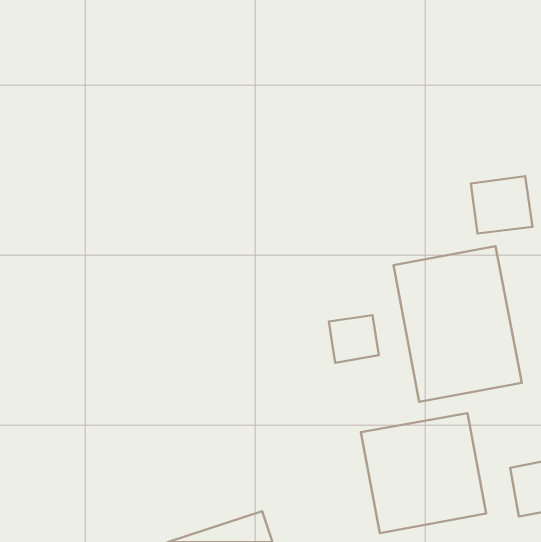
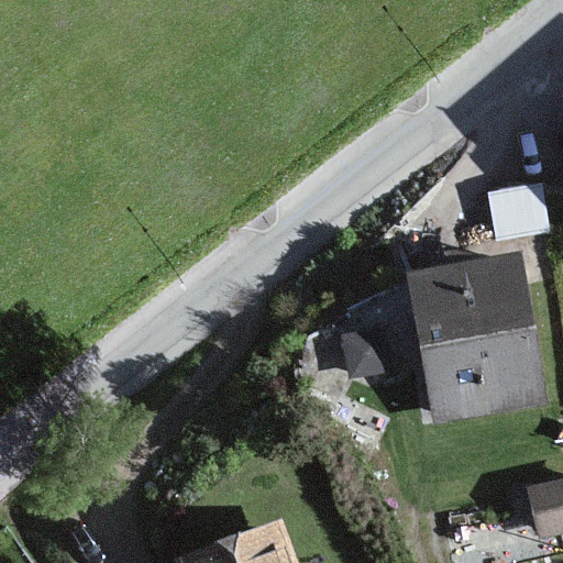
building: [361,413,486,533] -> none

